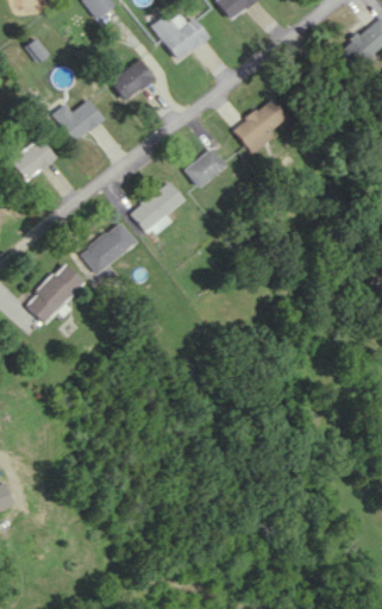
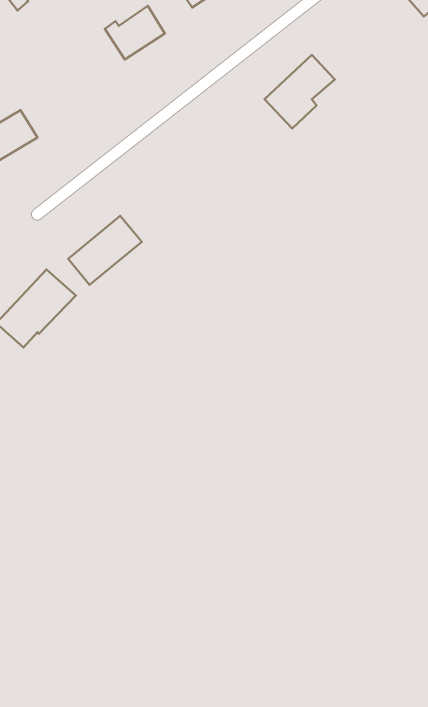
building: [51,99,104,142] -> none
building: [184,149,226,187] -> none
building: [131,182,184,237] -> none

